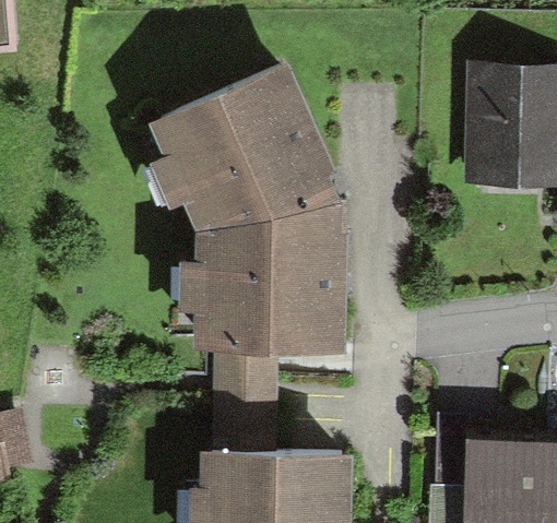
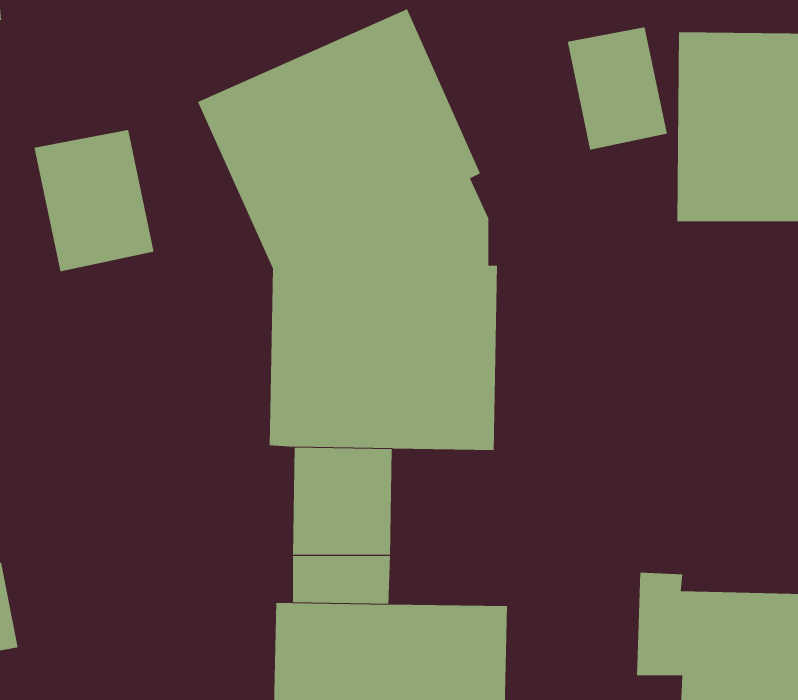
building: none -> [567,26,667,150]
building: none -> [34,129,154,272]

